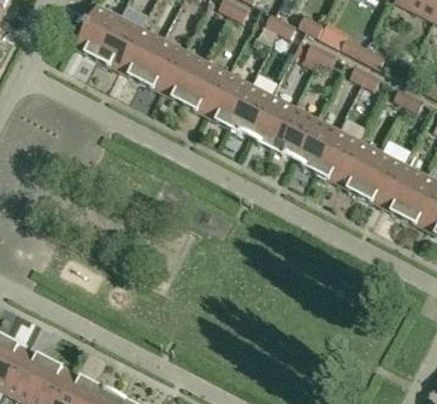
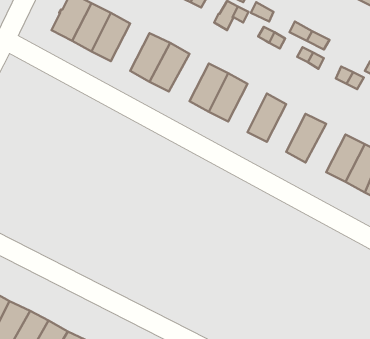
building: [141,40,184,93] -> none
building: [206,74,250,127] -> none
building: [272,107,315,162] -> none
building: [315,130,359,183] -> none
building: [359,152,403,206] -> none

